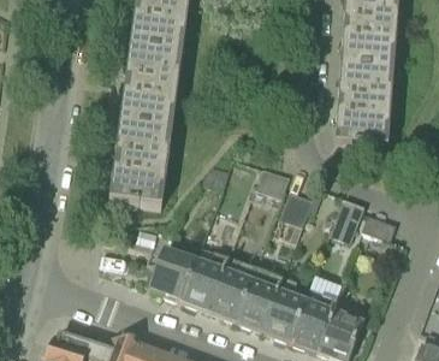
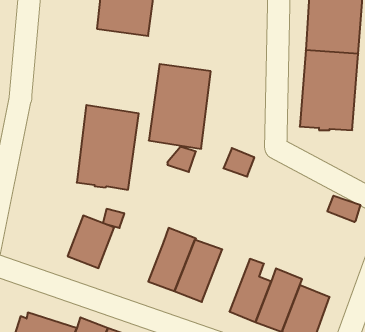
building: [119,46,182,131] -> [149,64,211,149]
building: [280,190,313,226] -> none
building: [330,197,363,242] -> none
building: [150,248,197,301] -> [68,216,114,268]
building: [236,268,284,331] -> none

